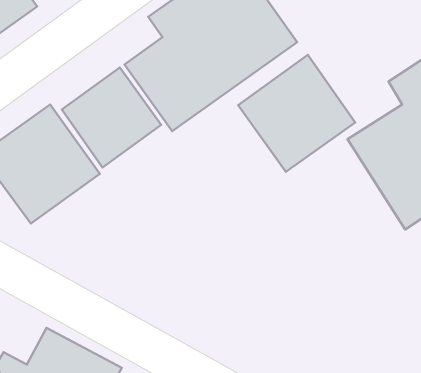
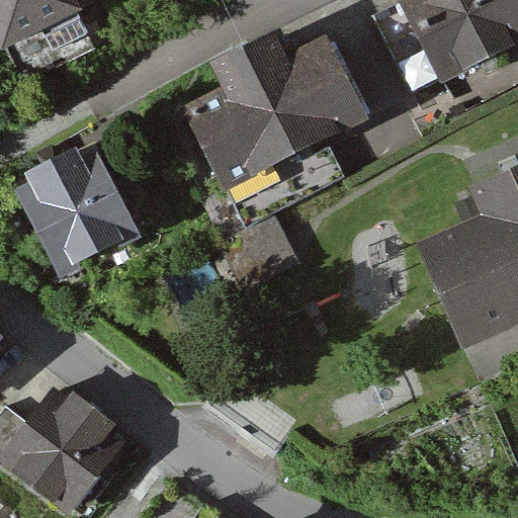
building: [238,55,355,172] -> none
building: [62,68,161,167] -> none

